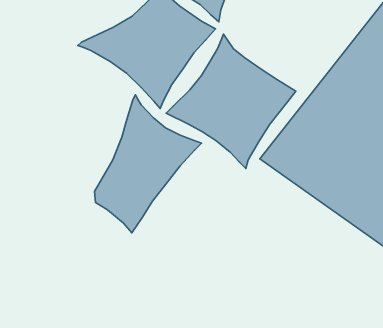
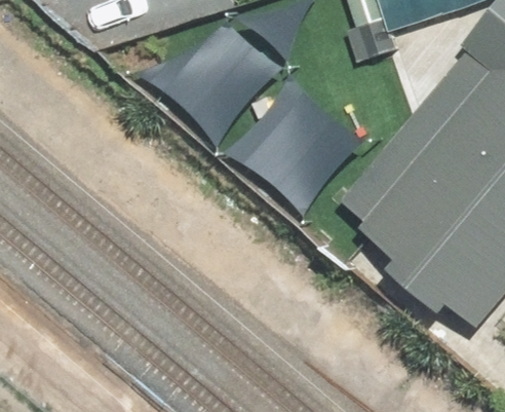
building: [94,95,202,233] -> none

